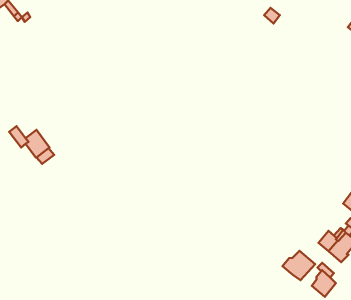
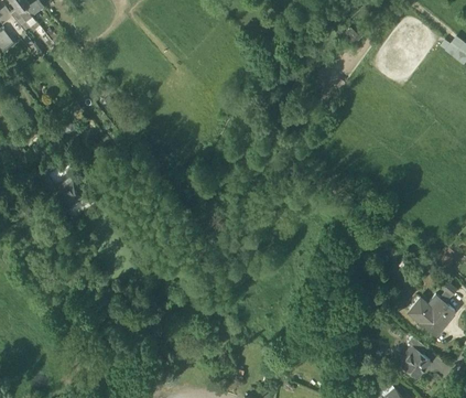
building: [282,251,315,280] -> none

